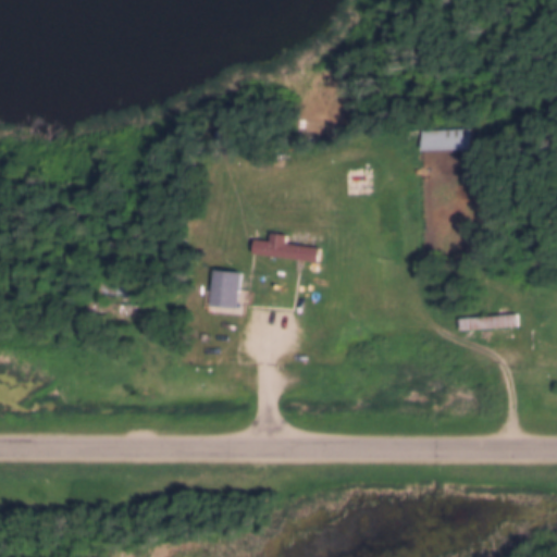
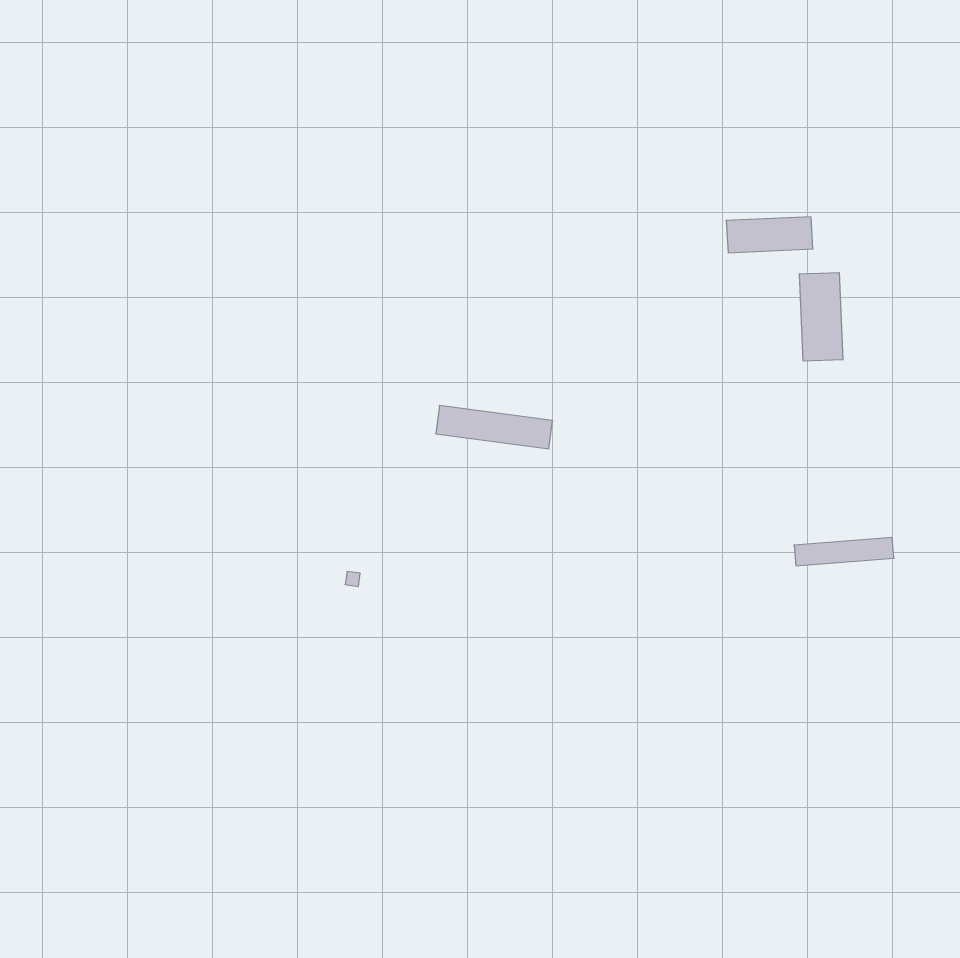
building: none -> [799,272,843,361]
building: [208,268,242,310] -> none

